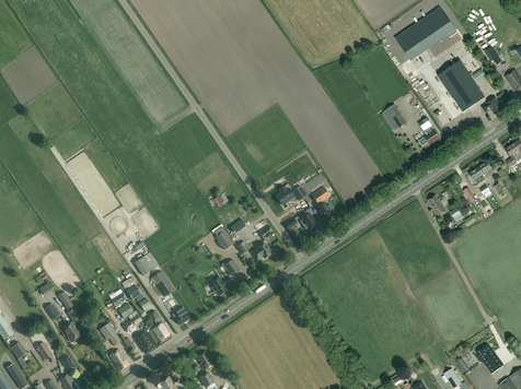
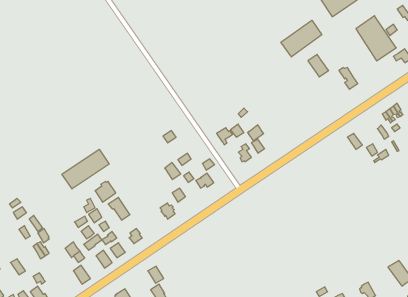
building: none -> [281,20,322,57]
building: none -> [62,149,109,189]

